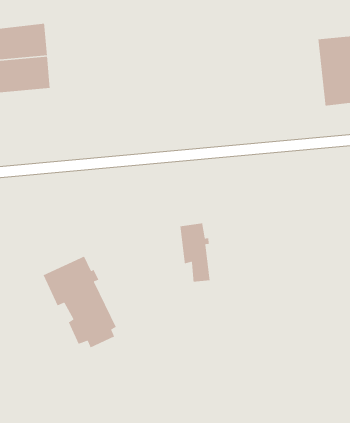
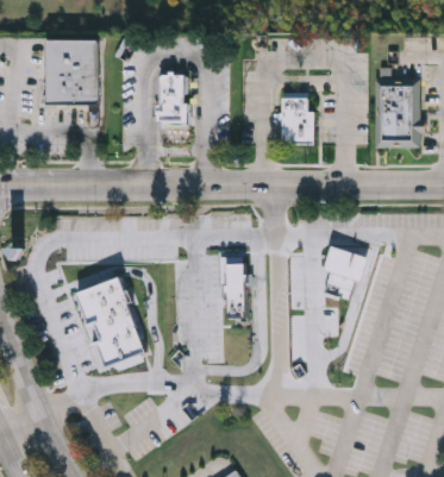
building: none -> [154,70,189,127]
building: none -> [283,96,317,148]
building: none -> [319,239,368,294]

